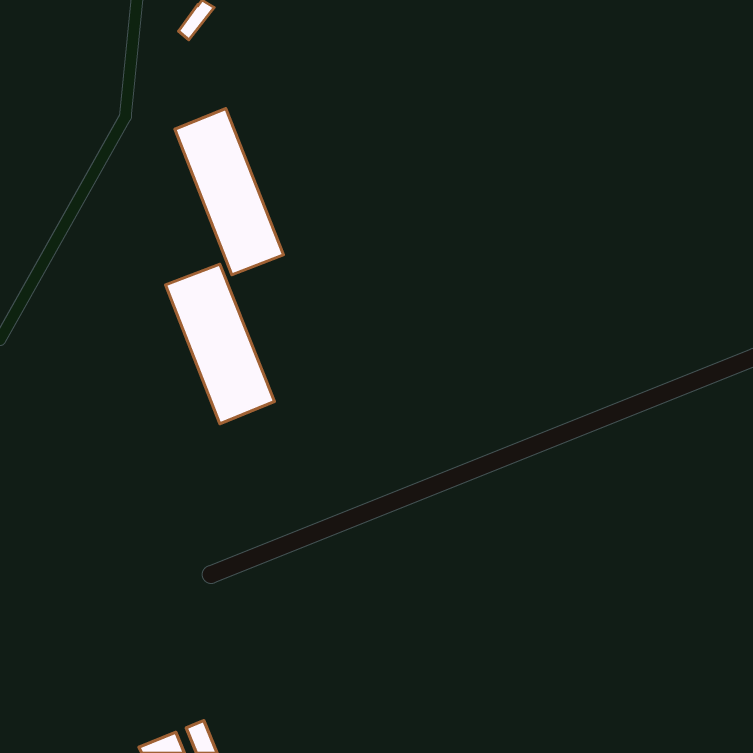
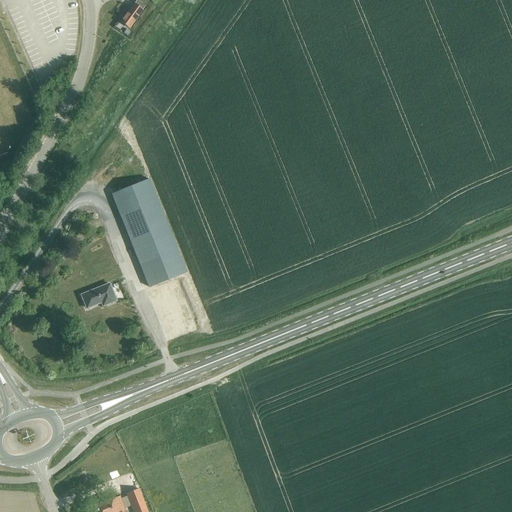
building: [175,108,284,275] -> none
building: none -> [82,283,117,307]

